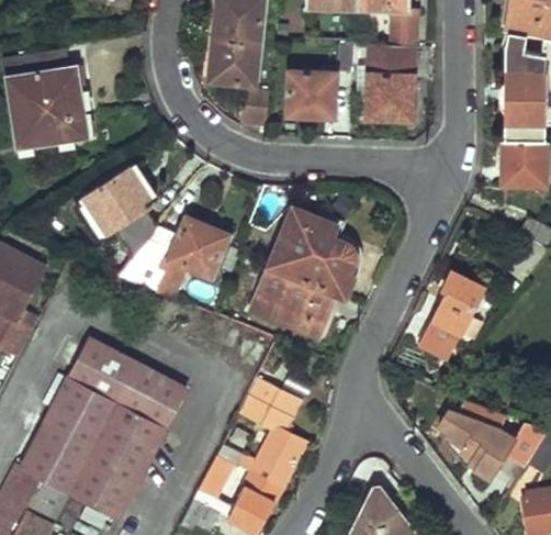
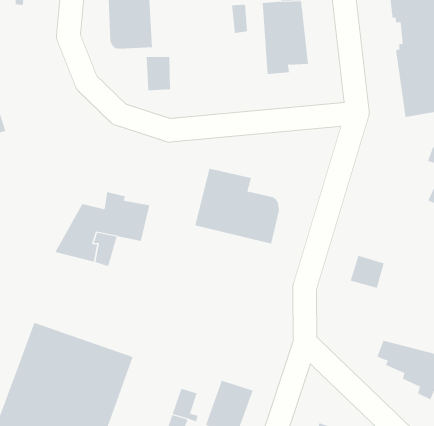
building: [288,70,337,119] -> none
building: [79,164,156,256] -> none
building: [252,264,335,333] -> none
building: [432,269,482,331] -> none
building: [240,379,299,432] -> none

